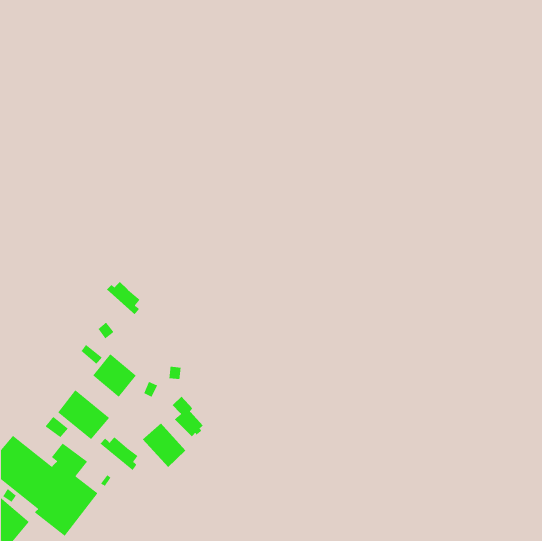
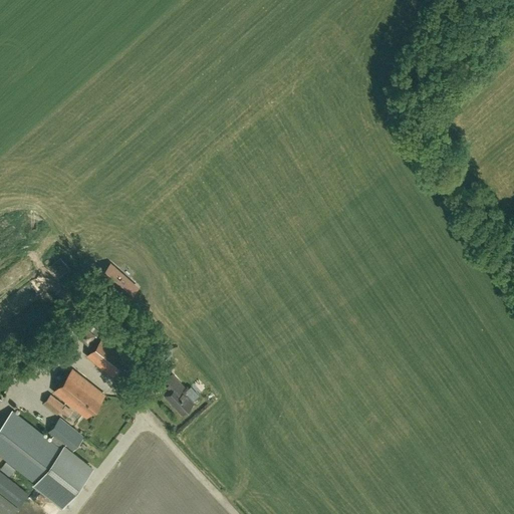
building: [142,423,186,468] -> none
building: [100,436,139,471] -> none

